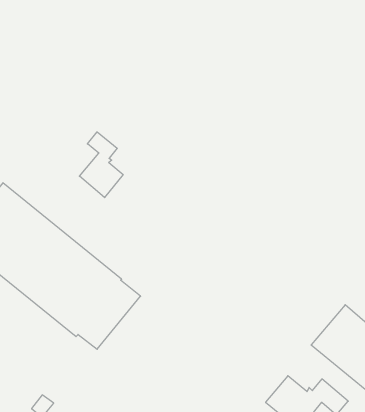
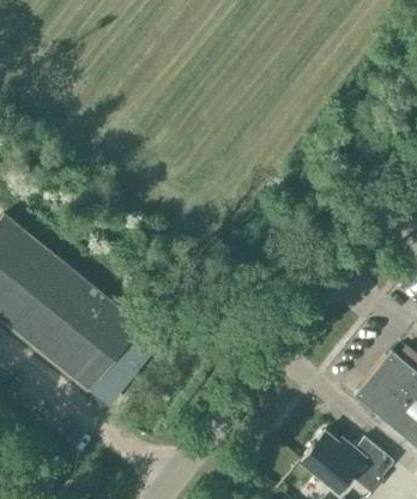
building: [79,132,123,198] -> none

